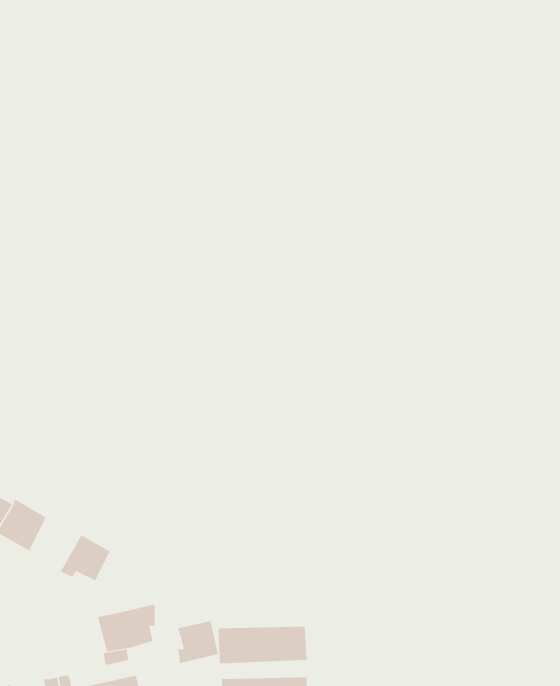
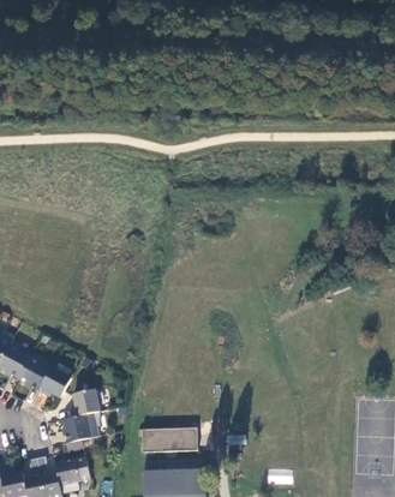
building: none -> [19,358,53,393]
building: [177,621,219,664] -> [74,391,101,419]

